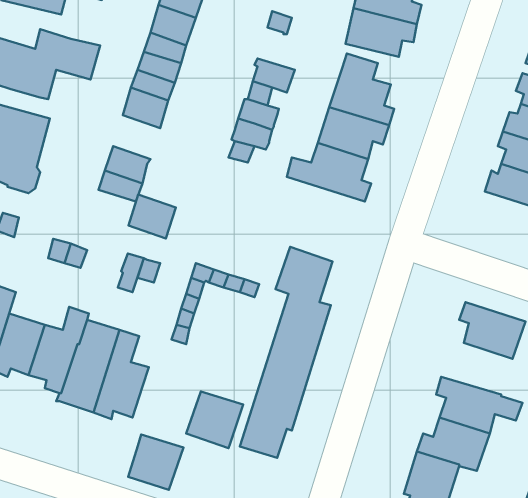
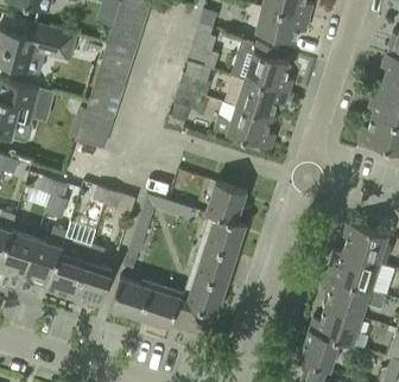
building: [129,195,176,238] -> [87,85,121,117]
building: none -> [327,252,379,289]
building: [128,435,183,490] -> [110,278,151,318]

